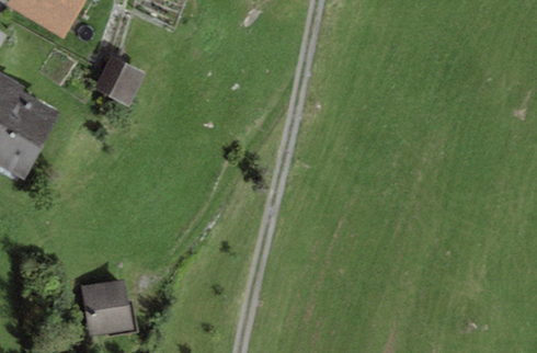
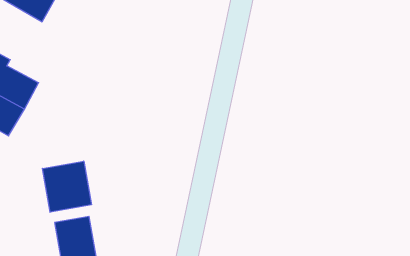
building: [93,56,145,107] -> none
building: none -> [42,161,91,212]

